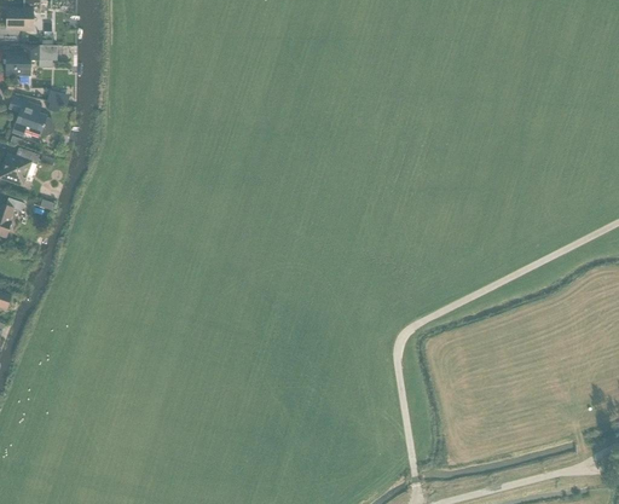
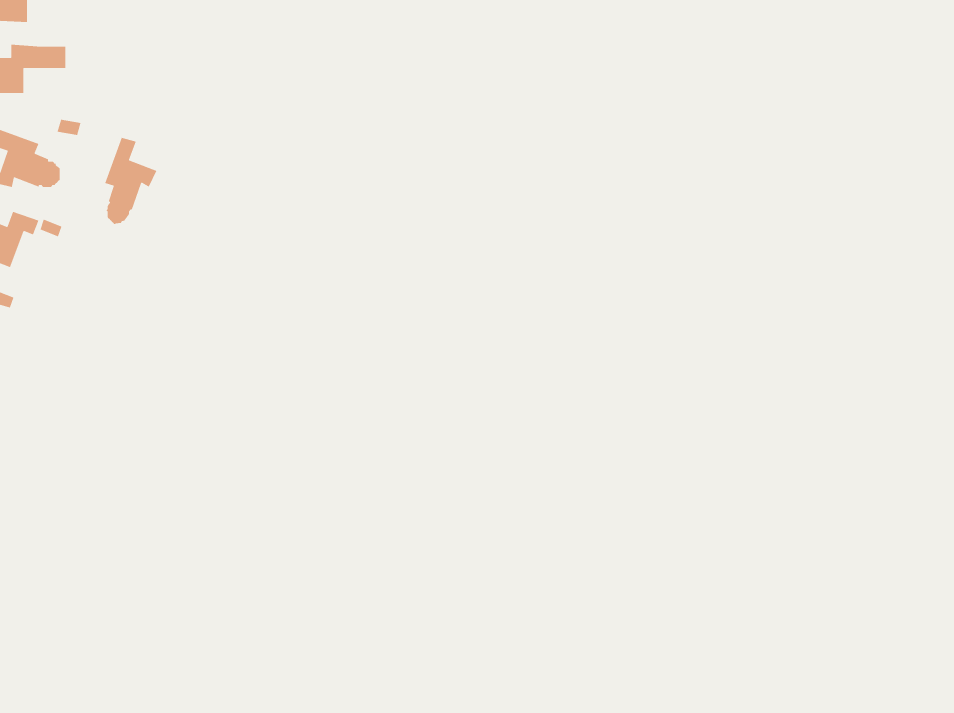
building: none -> [104,137,158,225]

